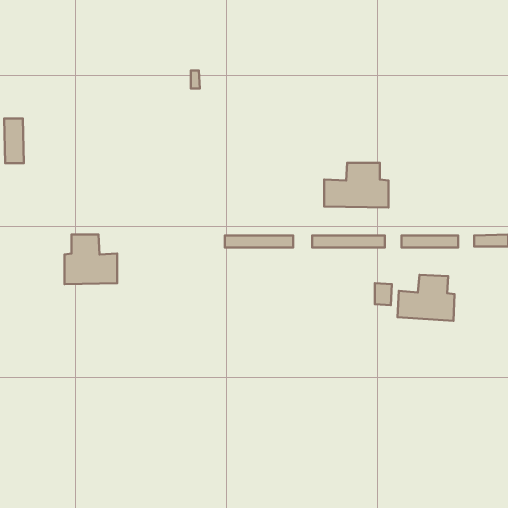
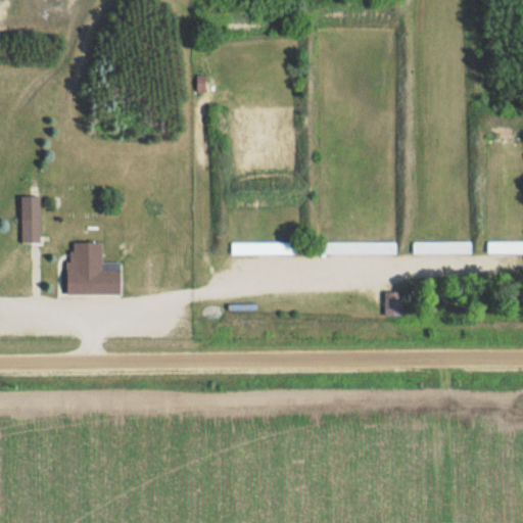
building: [4,118,24,163] -> [20,194,41,240]
building: [324,163,388,207] -> none
building: [397,275,455,321] -> none

